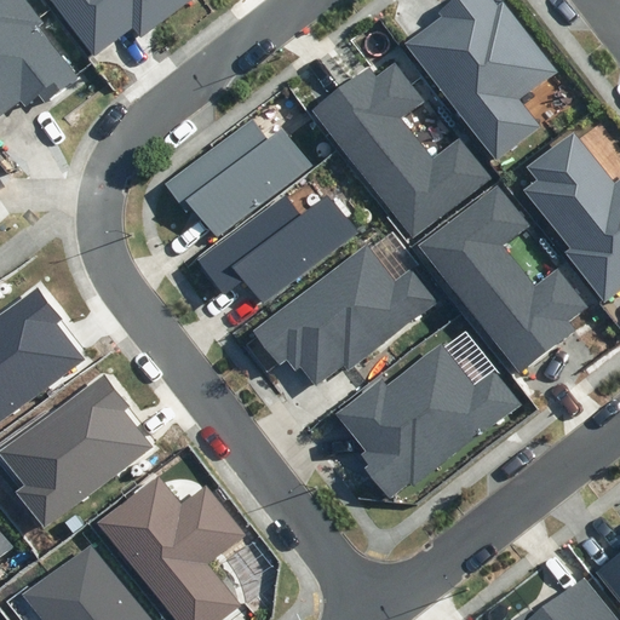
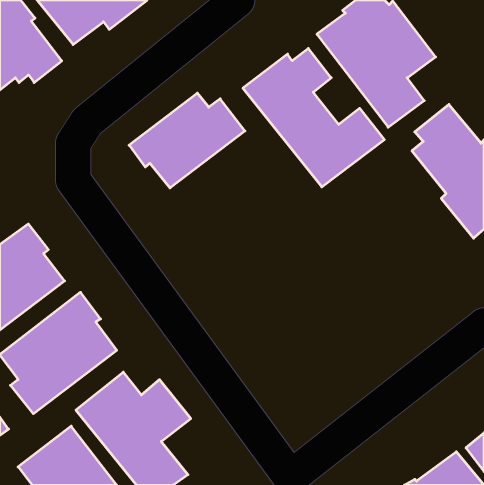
building: [417,184,587,374] -> none
building: [197,193,356,303] -> none
building: [252,245,437,386] -> none
building: [334,344,519,499] -> none

